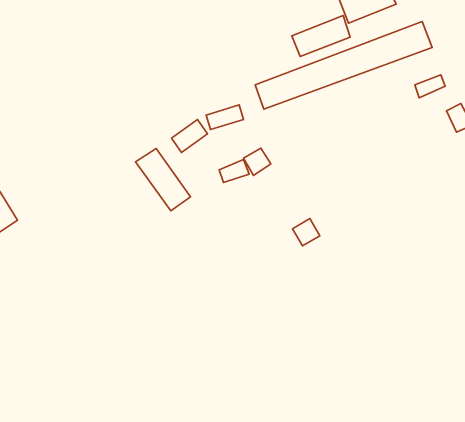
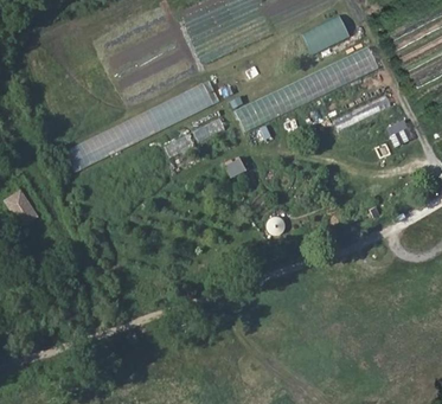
building: [292,15,350,57] -> none
building: [135,149,190,211] -> none

